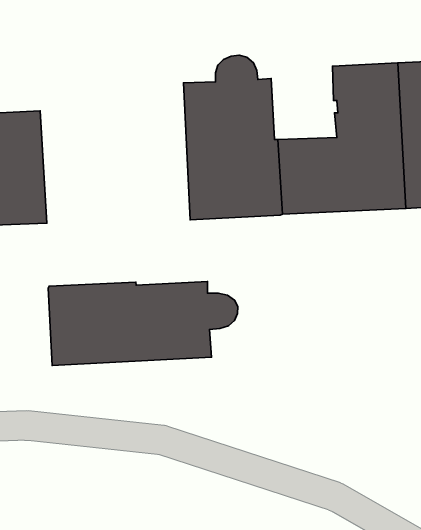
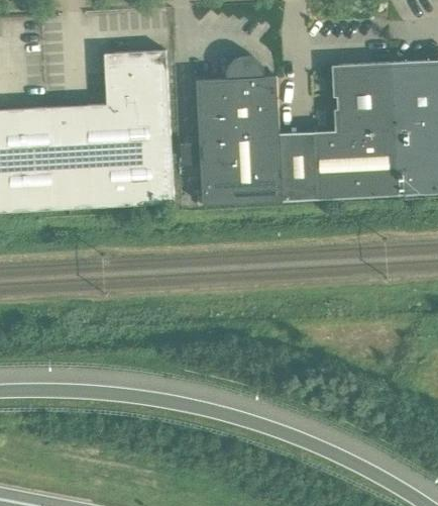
building: none -> [67,53,174,209]
building: [48,282,238,366] -> none

